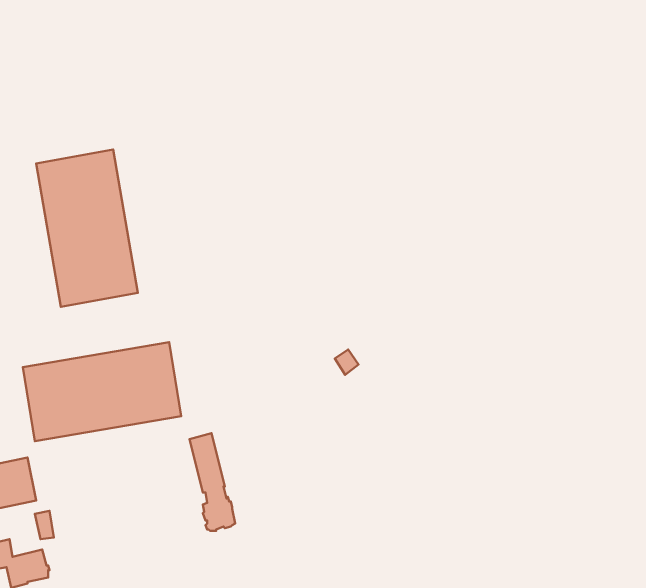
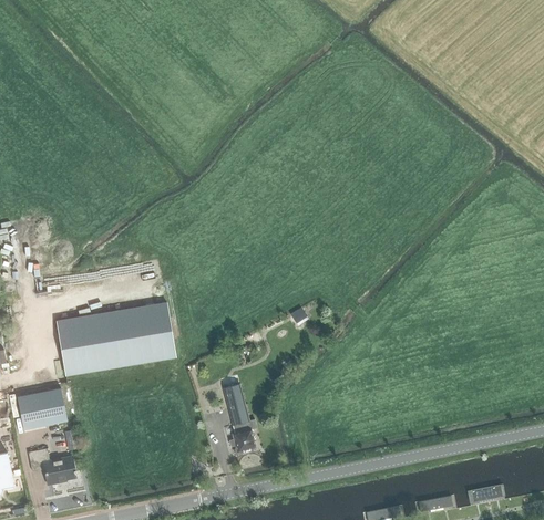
building: [36,149,138,307] -> none
building: [189,433,235,531] -> [222,381,256,454]

